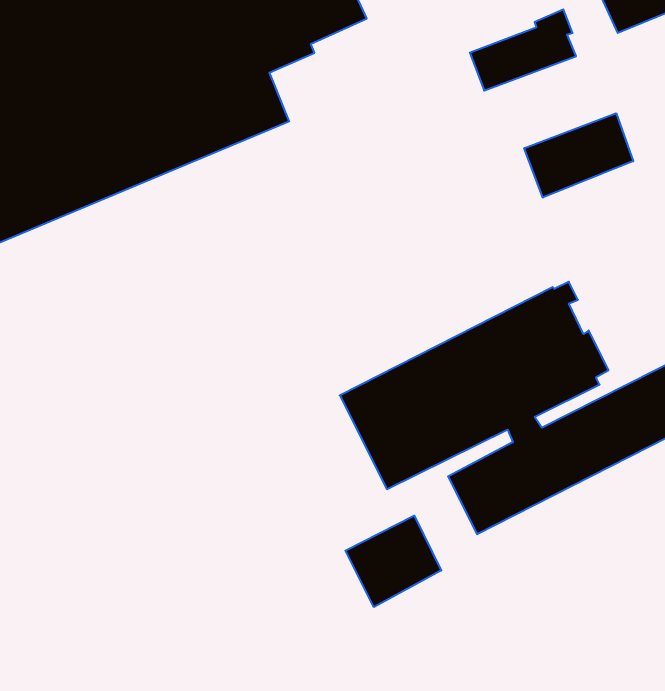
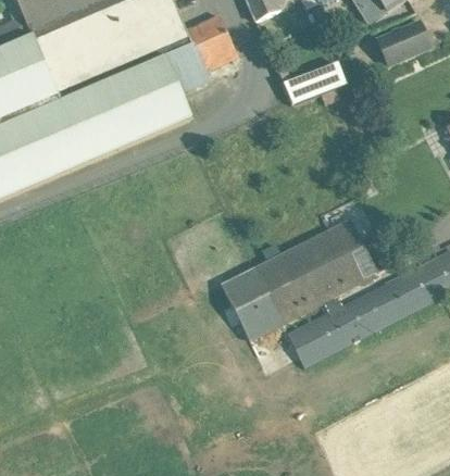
building: [524,113,633,198] -> none
building: [345,516,441,607] -> none

